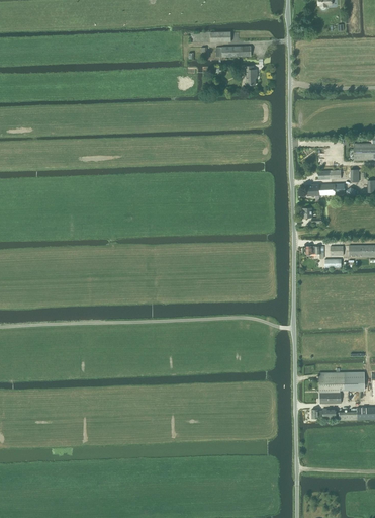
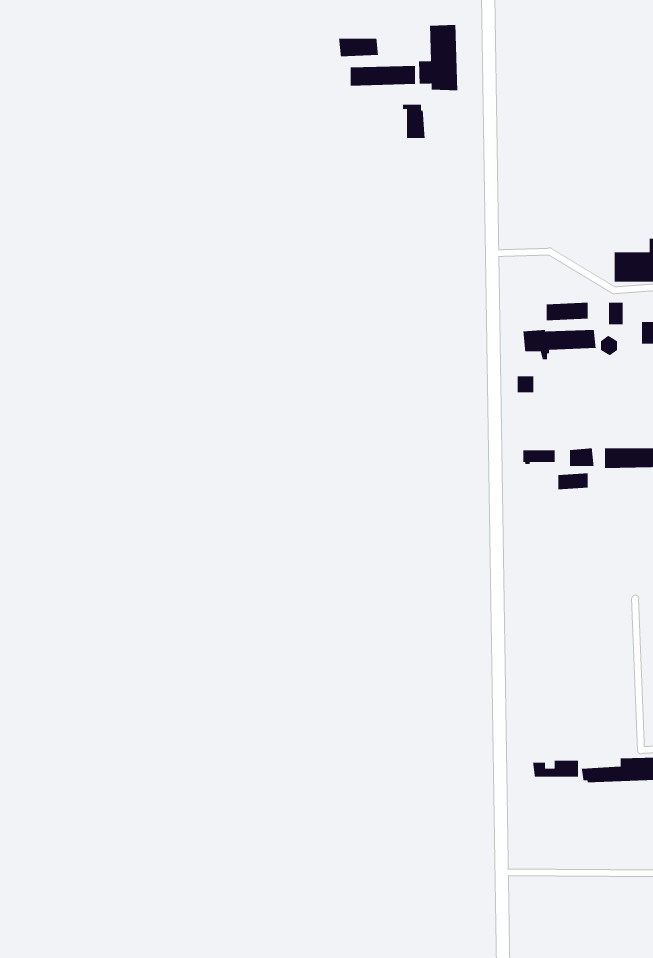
building: none -> [418,24,458,91]
building: [319,371,364,403] -> none

